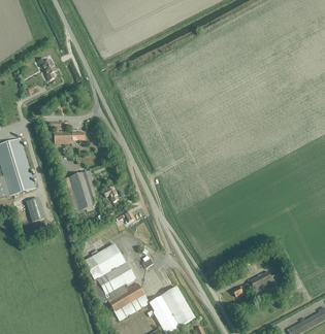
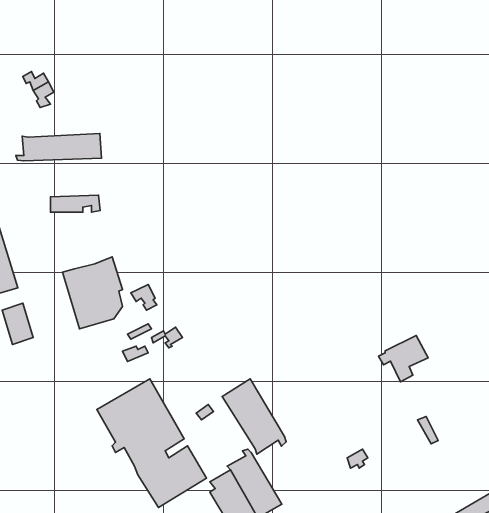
building: none -> [16,133,102,161]
building: none -> [222,379,286,454]
building: [246,270,275,298] -> [378,336,428,382]

